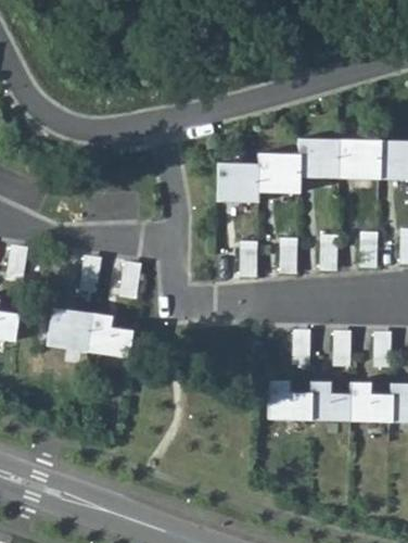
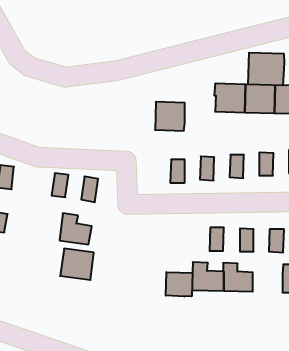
building: none -> [248,53,284,85]
building: [257,153,299,192] -> none
building: [47,308,92,351] -> [60,249,94,280]
building: [349,382,390,421] -> none
building: none -> [166,272,192,297]

